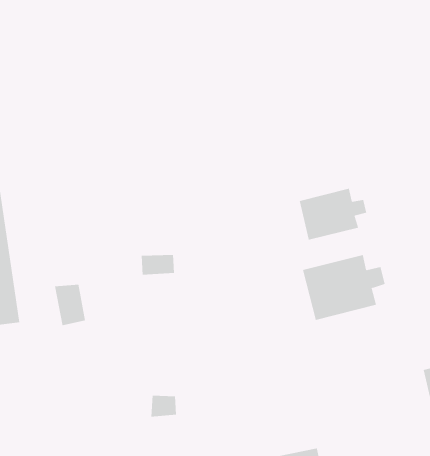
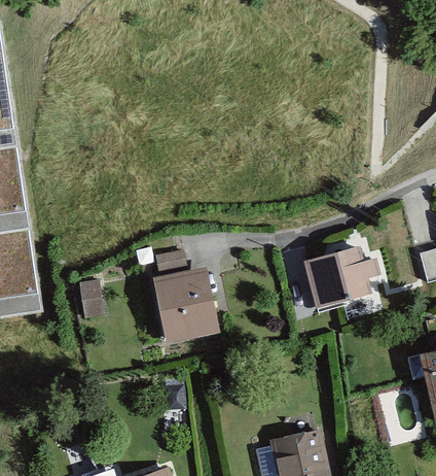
building: [299,188,367,241] -> none
building: none -> [155,273,214,341]

